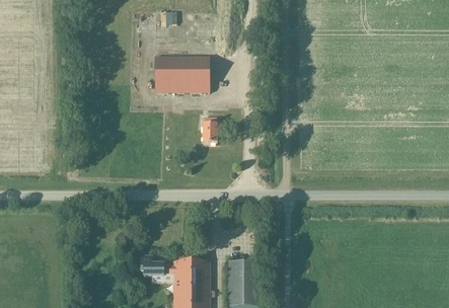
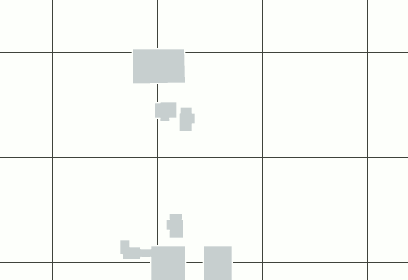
building: none -> [154,101,177,122]
building: none -> [166,213,183,238]

